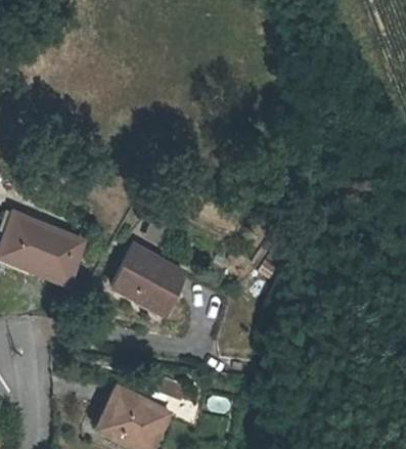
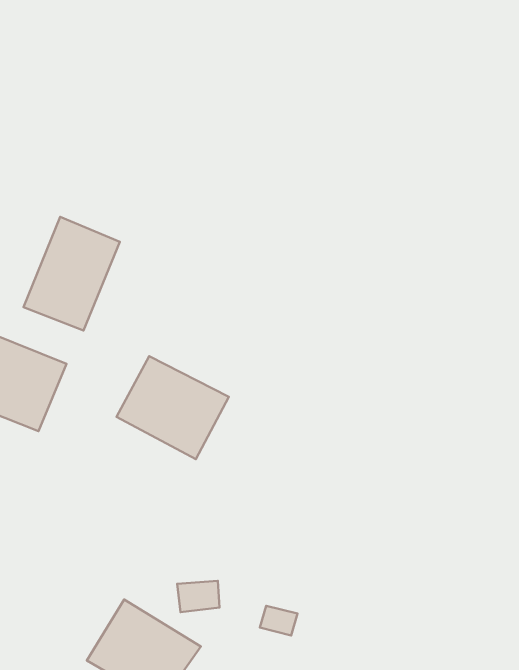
building: none -> [24,217,120,330]

